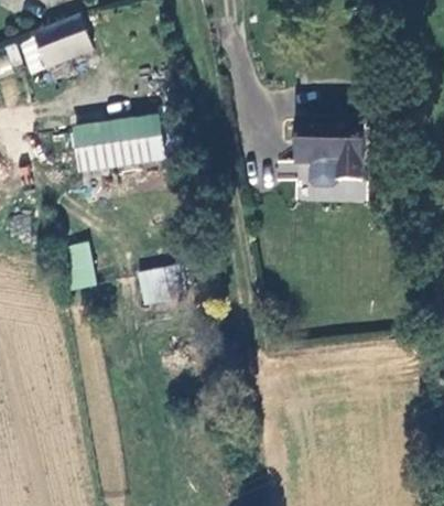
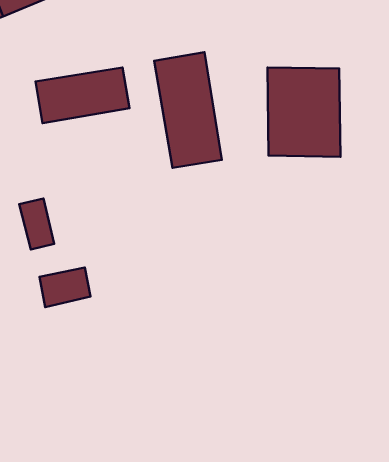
building: none -> [154,52,222,168]
building: [142,263,191,301] -> [39,268,90,307]

